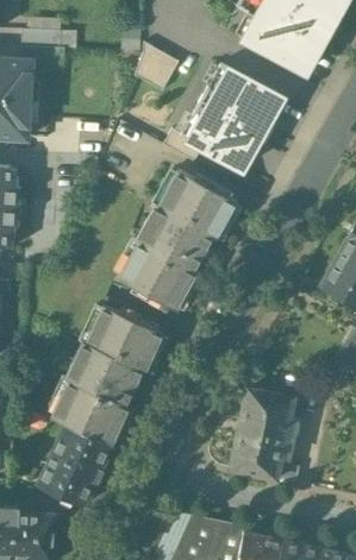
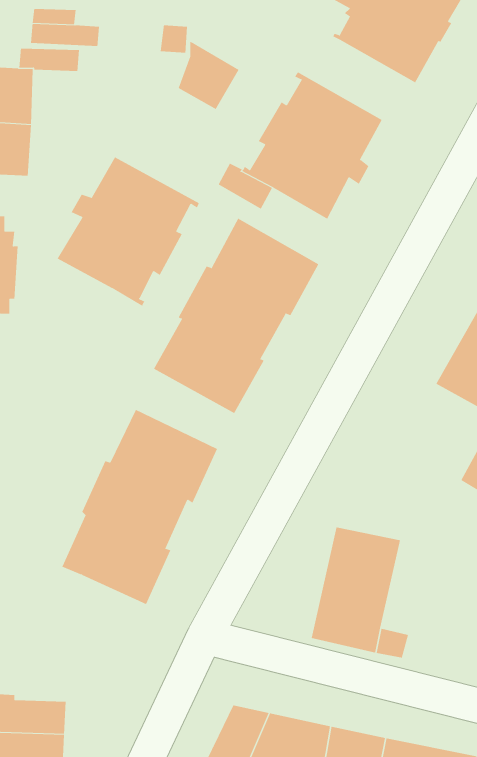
building: none -> [57,156,200,307]
building: [38,424,112,506] -> none

